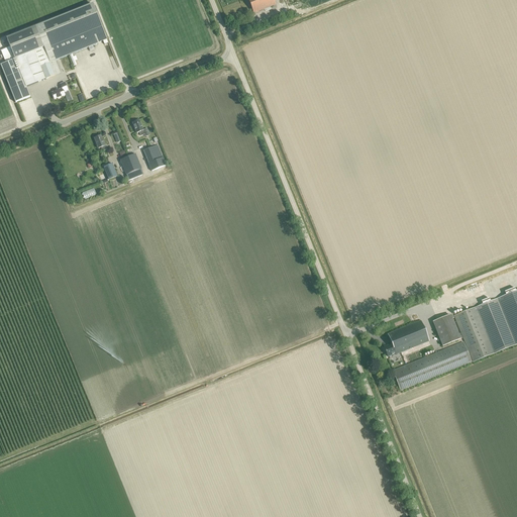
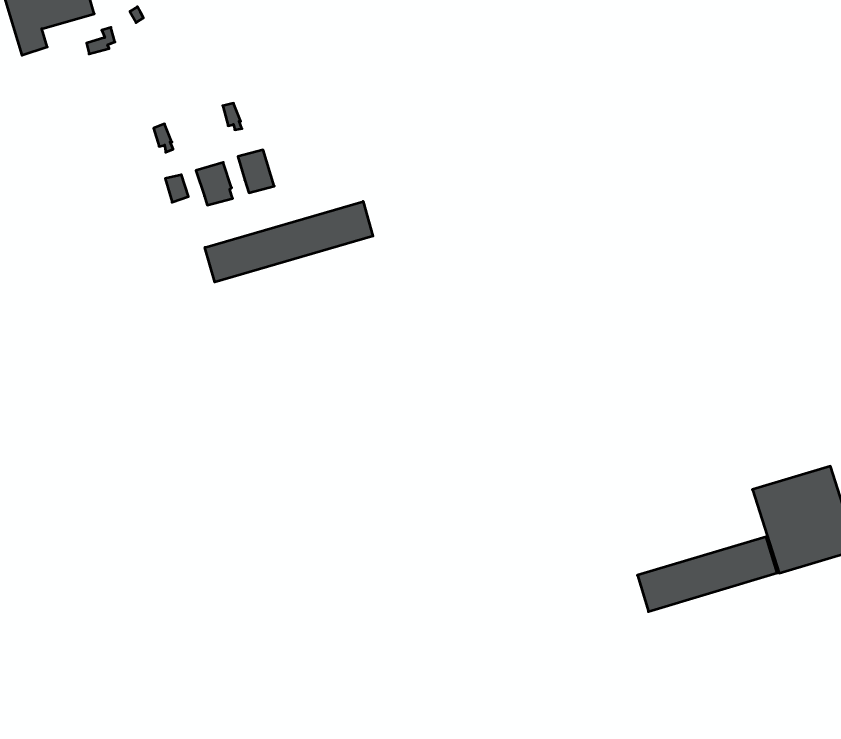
building: none -> [205,201,373,282]
building: [433,313,460,344] -> none
building: [384,319,428,354] -> none

